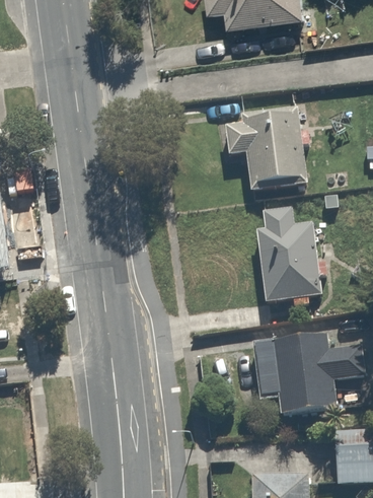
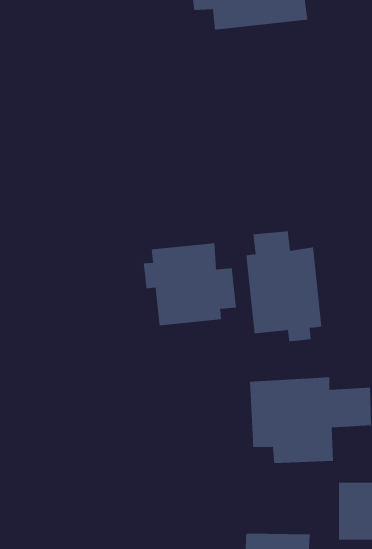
building: [221,113,301,184] -> none
building: none -> [143,242,236,326]

